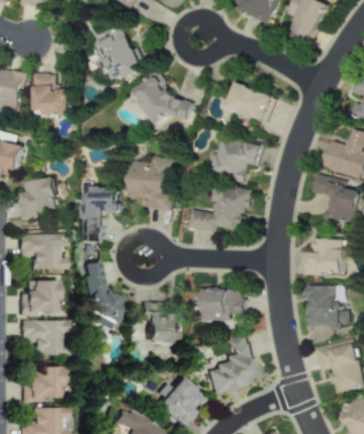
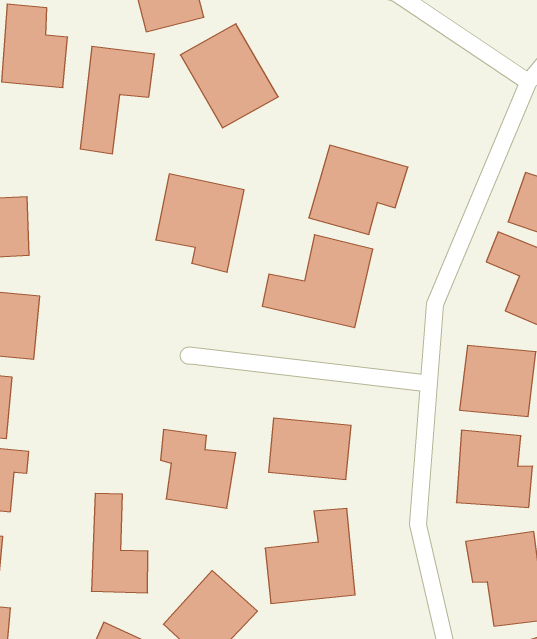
building: [225,82,276,122] -> none
building: [82,185,118,243] -> [80,46,155,154]
building: [85,261,119,317] -> [91,493,148,593]

